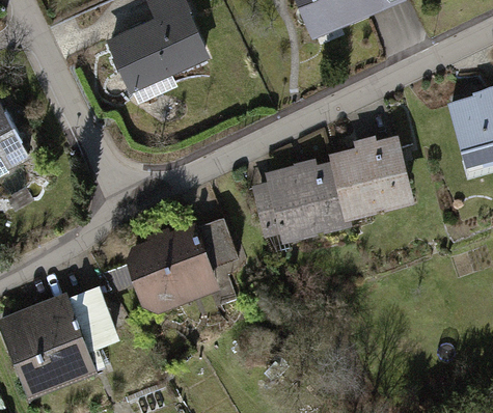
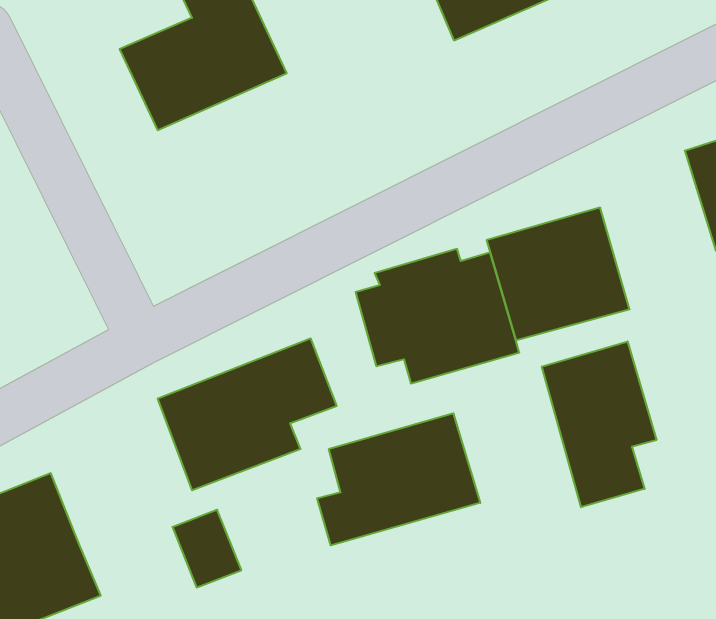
building: none -> [542,341,656,507]
building: none -> [317,413,480,545]
building: [69,292,110,338] -> [172,510,241,587]

